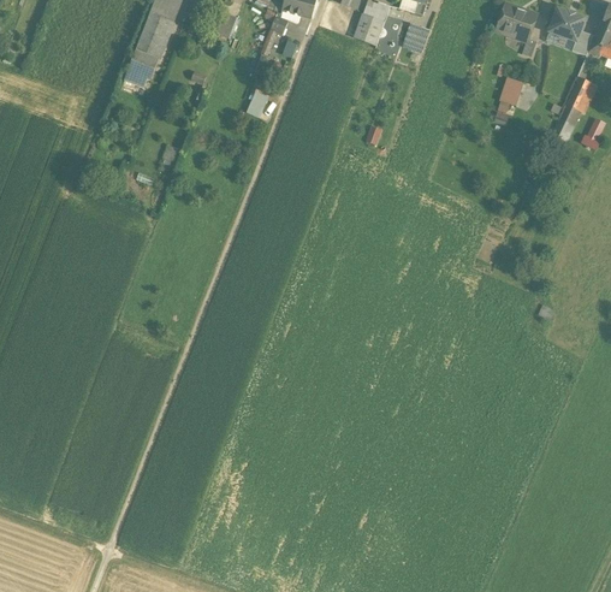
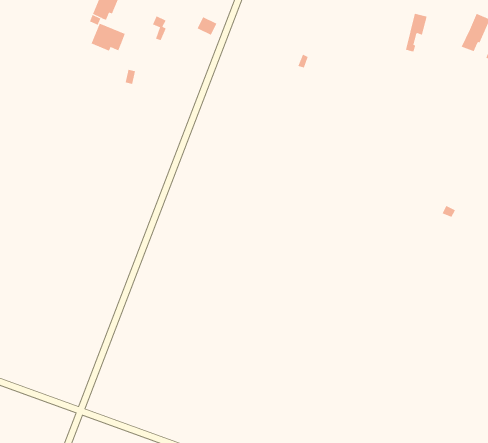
building: none -> [91,23,125,51]

